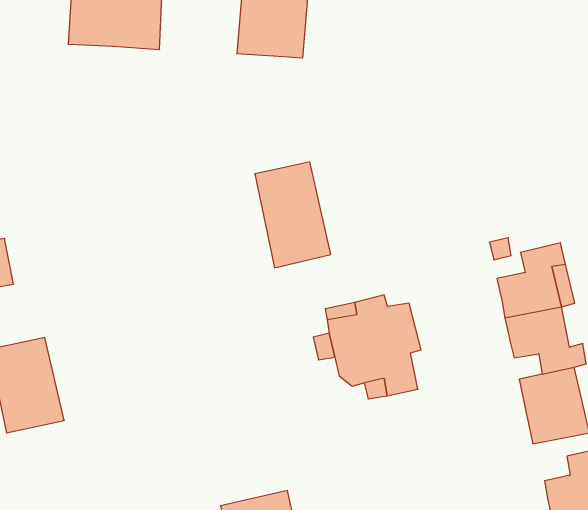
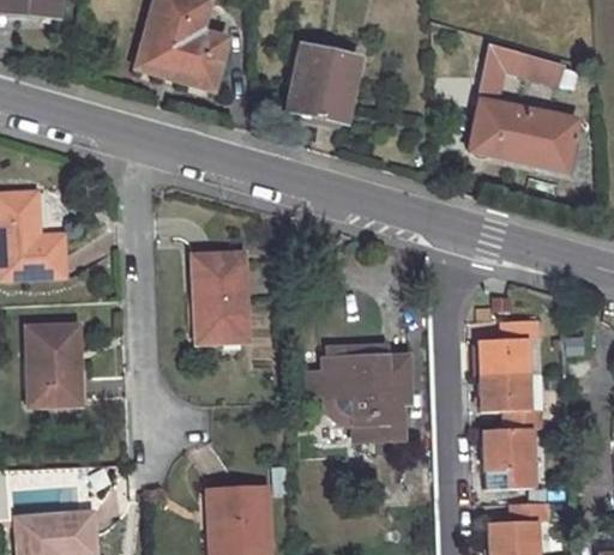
building: none -> [472,103,572,168]
building: [255,162,331,268] -> [191,257,245,343]

